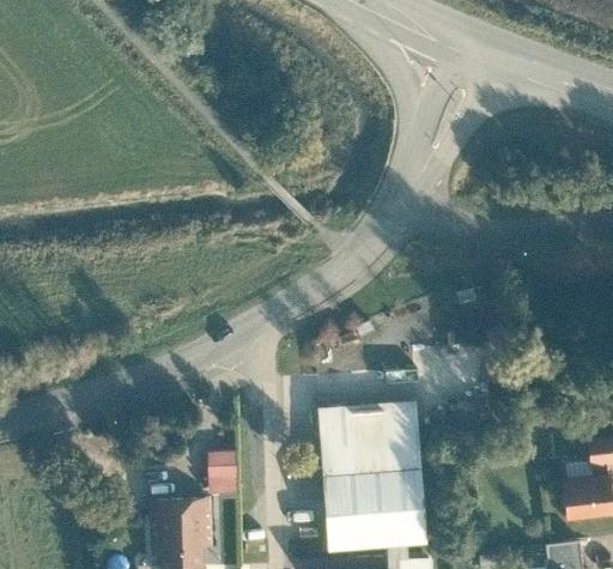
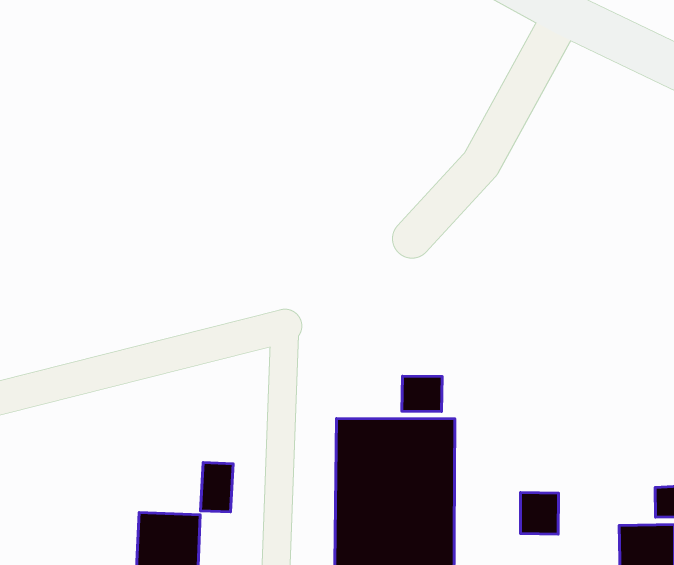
building: none -> [402,376,442,411]
building: none -> [520,492,559,534]

